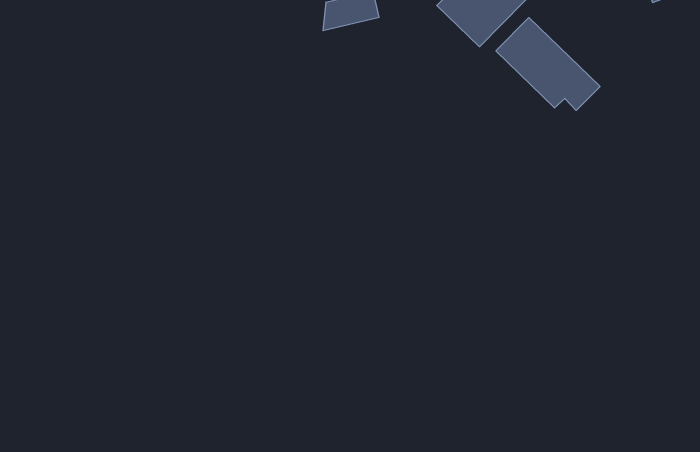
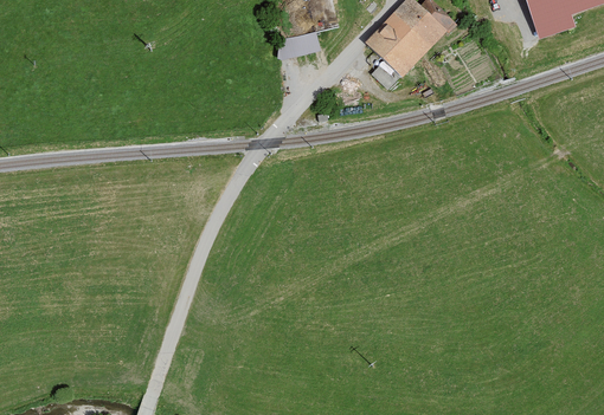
building: [496,18,600,110] -> none

